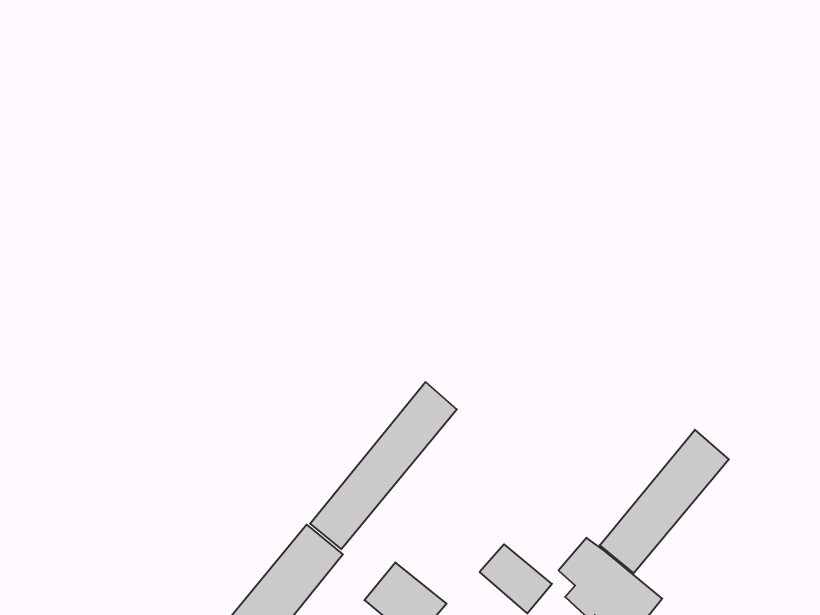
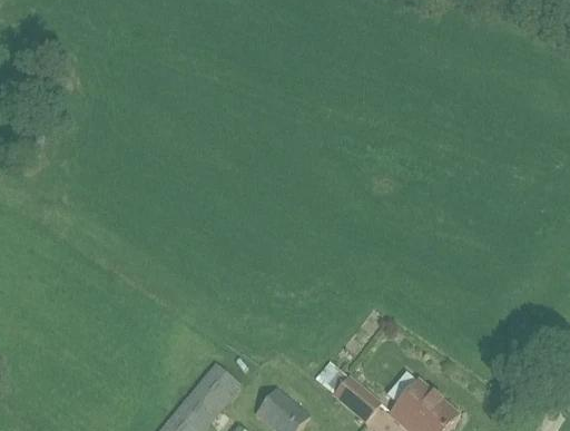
building: [310,382,457,549] -> none
building: [600,430,729,573] -> none

